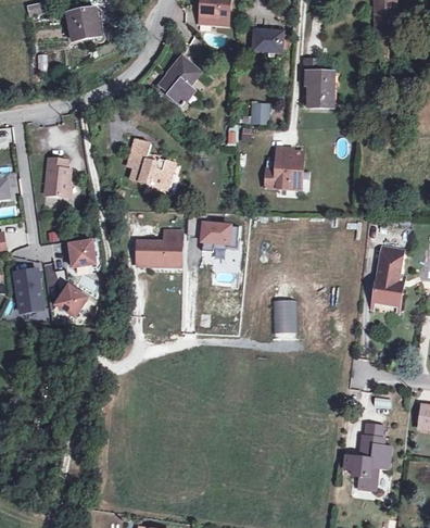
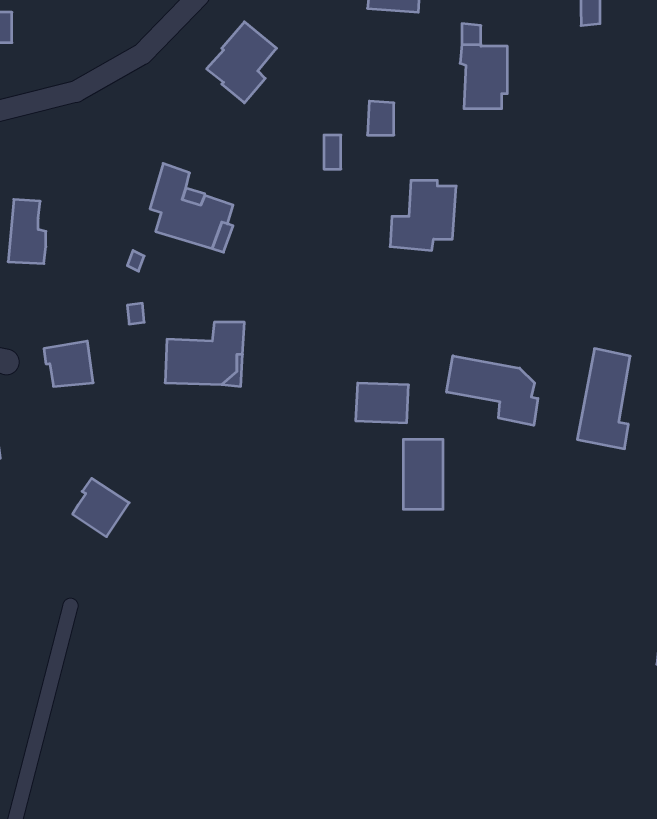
building: [200,219,230,242] -> [356,383,409,423]
building: none -> [447,356,538,425]
building: [54,284,87,317] -> [73,478,129,537]
building: [343,422,390,488] -> none

